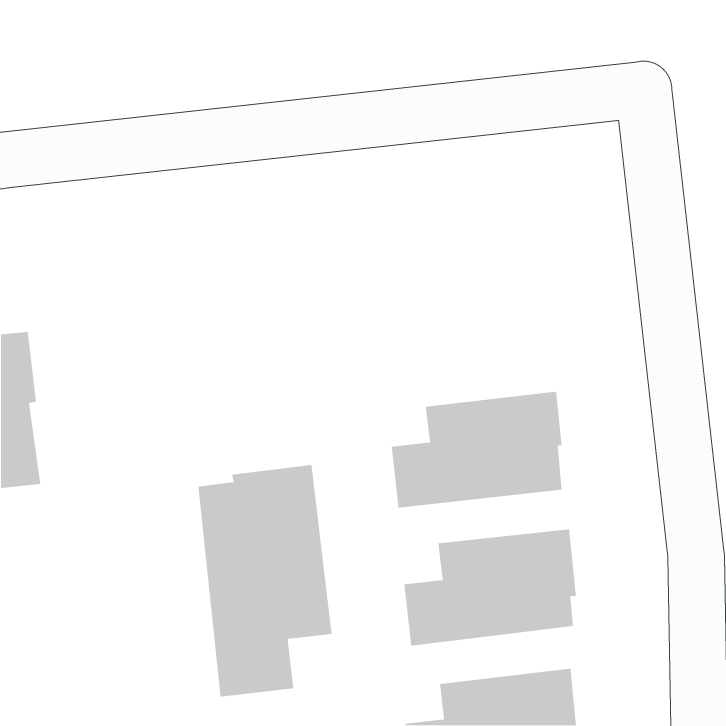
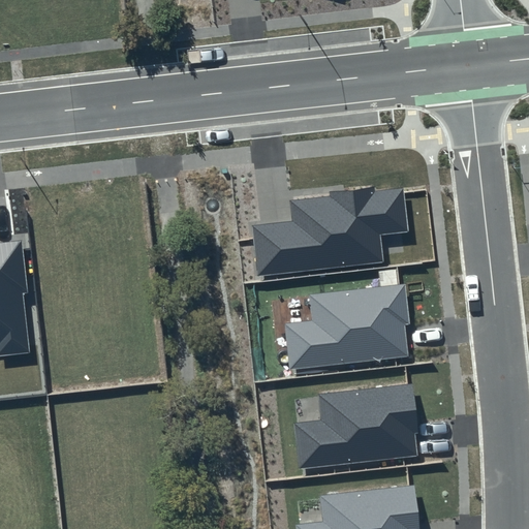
building: none -> [252,187,409,277]
building: [197,464,333,697] -> none

